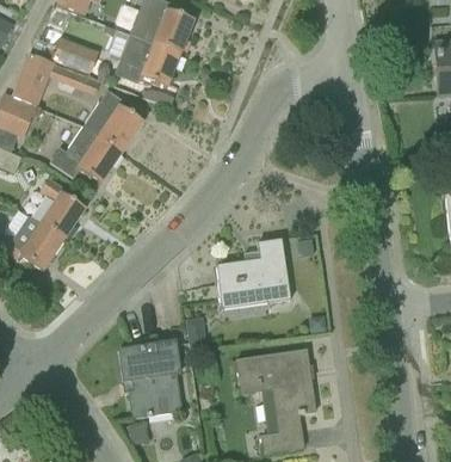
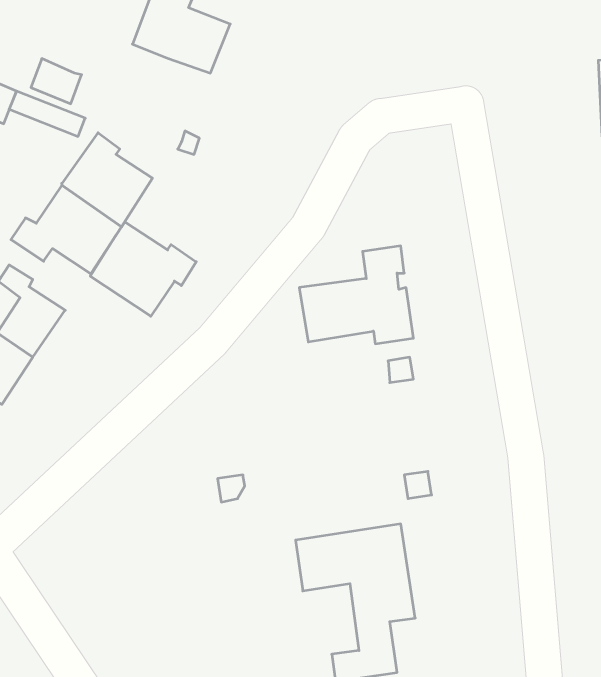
building: [113,32,180,86] -> none
building: none -> [90,222,196,316]
building: [215,238,290,302] -> [299,246,413,344]
building: [118,340,180,417] -> none

